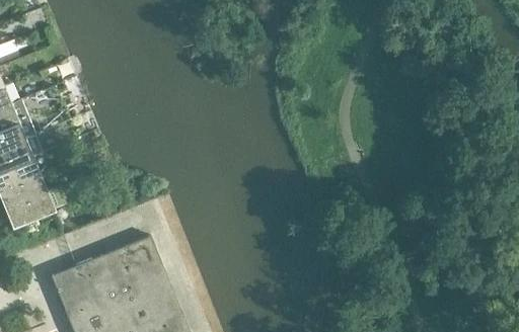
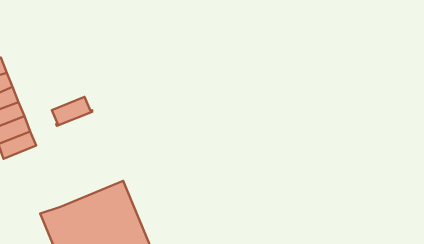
building: [6,193,55,229] -> [52,97,92,126]

